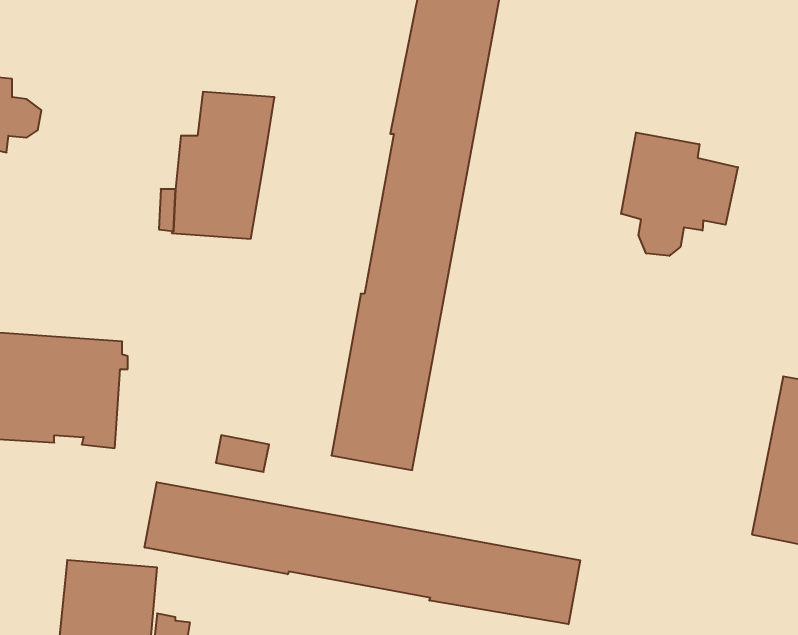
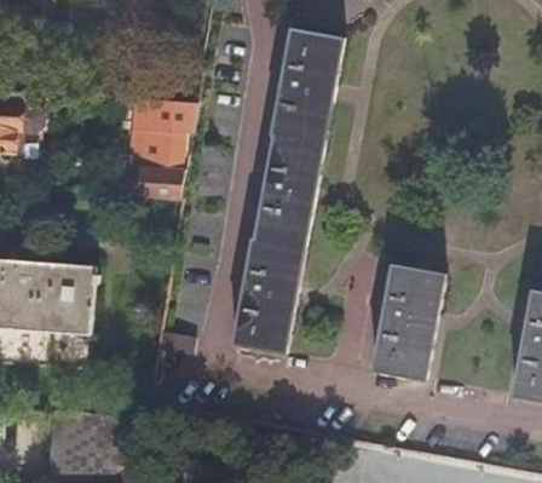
building: [621,132,738,256] -> none
building: none -> [369,261,444,378]
building: [145,482,580,624] -> none

